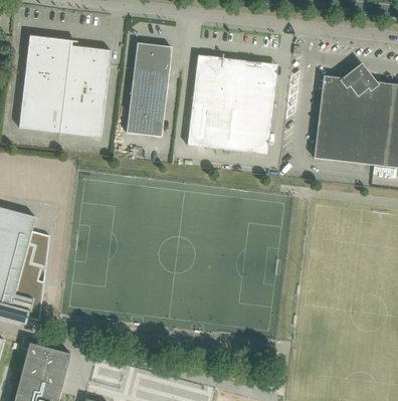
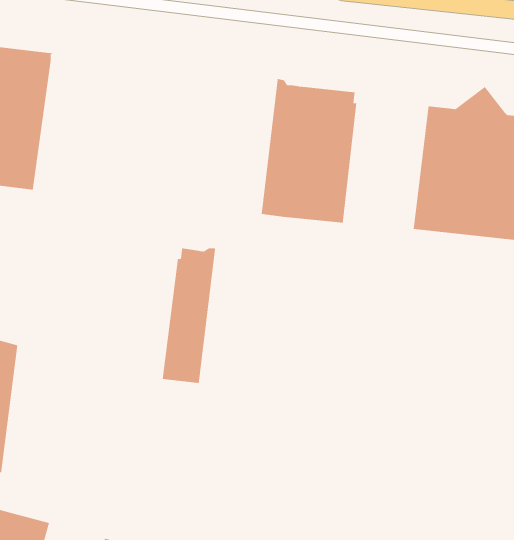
building: [127,42,172,137] -> none
building: [60,45,112,137] -> none
building: [187,56,223,148] -> [162,246,216,384]

